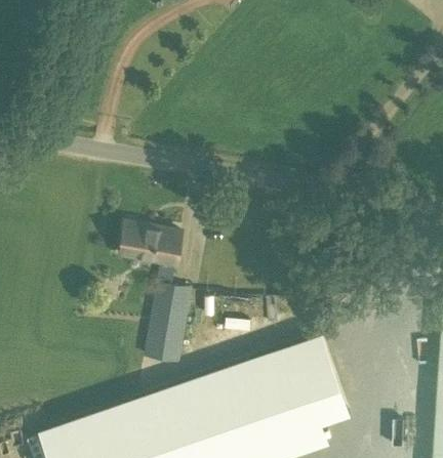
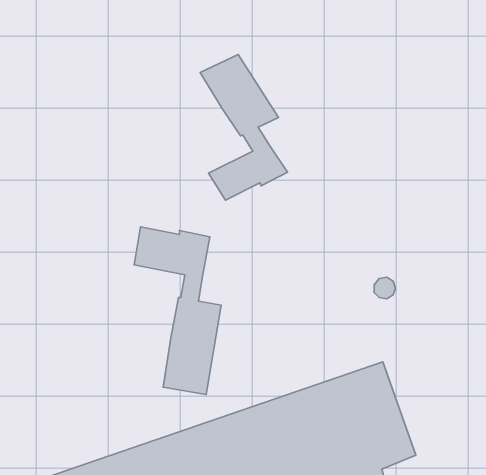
building: none -> [200,54,288,200]

